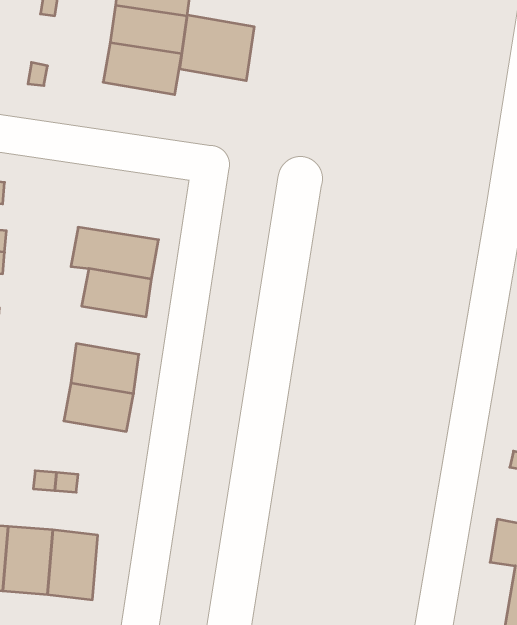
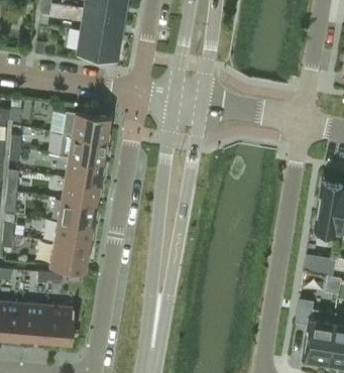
building: [180,15,254,81] -> none
building: none -> [63,112,111,142]
building: none -> [62,179,101,207]
building: none -> [51,244,90,271]

